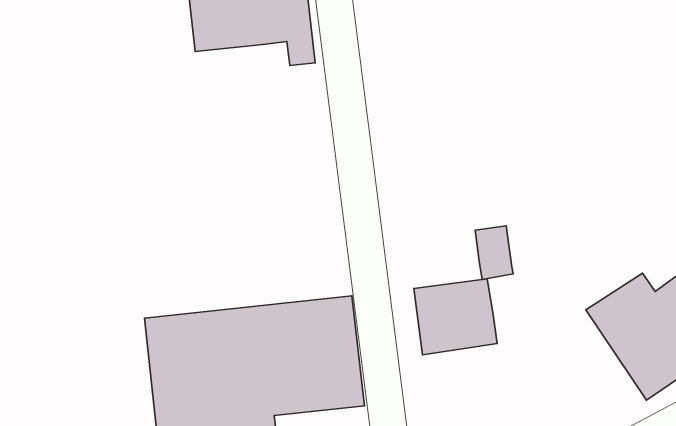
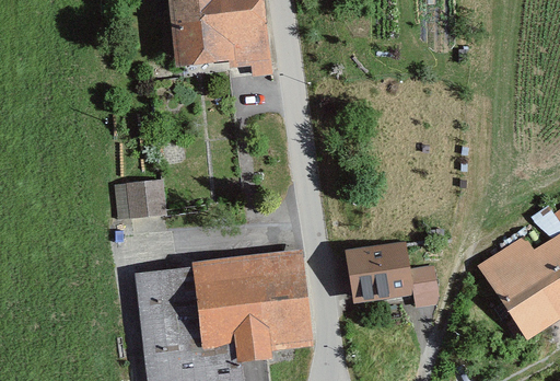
building: none -> [114,178,167,223]
building: [475,226,513,279] -> [409,266,439,308]

